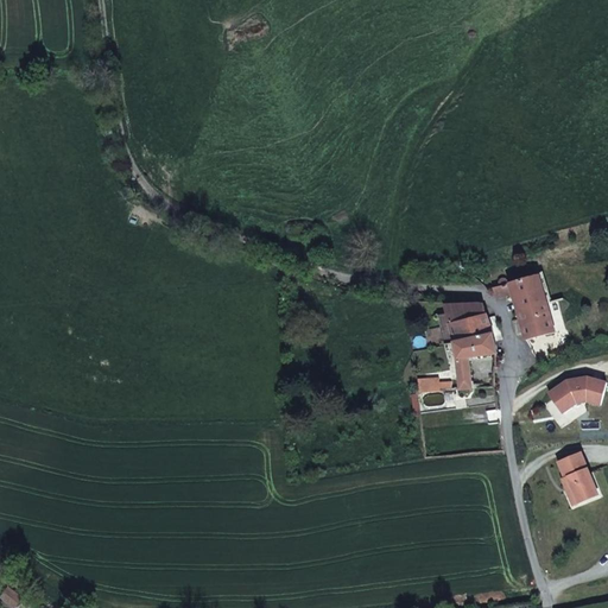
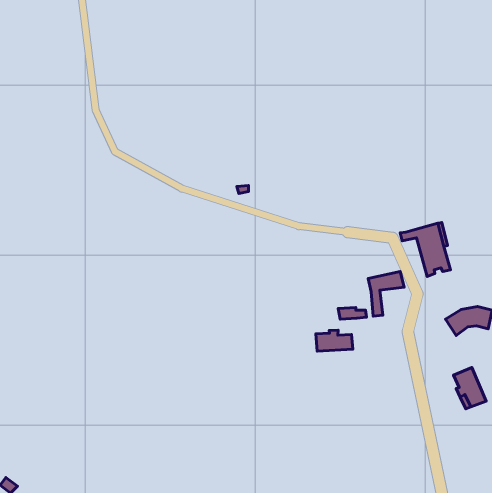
building: [437,304,492,342] -> none
building: none -> [316,330,353,351]

